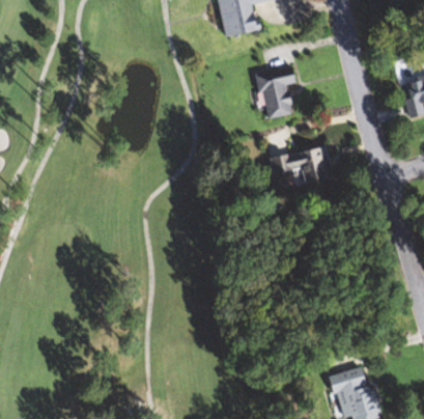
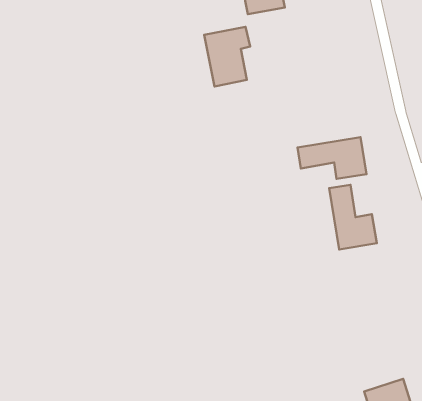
building: [256,65,298,119] -> [204,27,250,87]
building: none -> [329,185,377,250]

